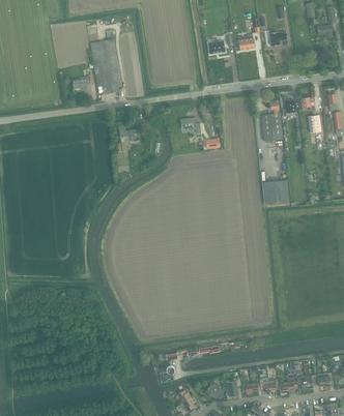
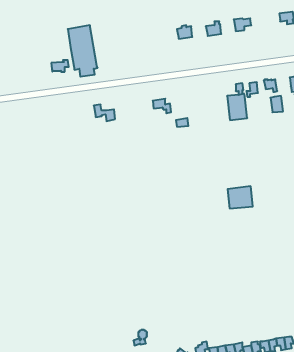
building: [261,180,288,204] -> [228,186,253,208]

